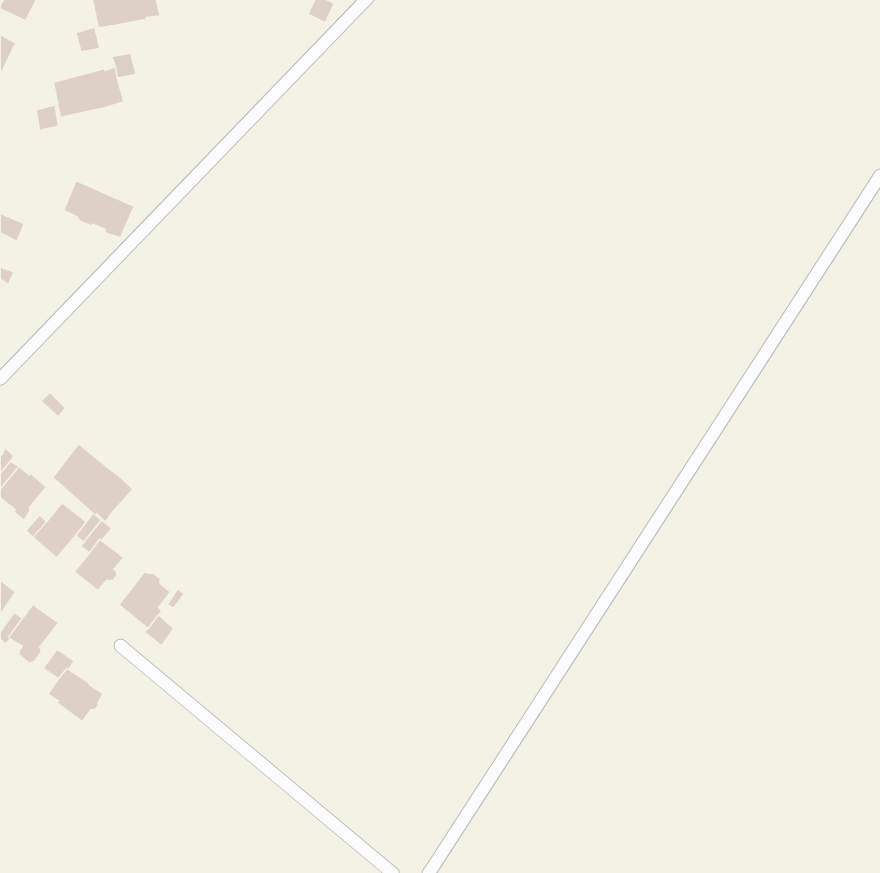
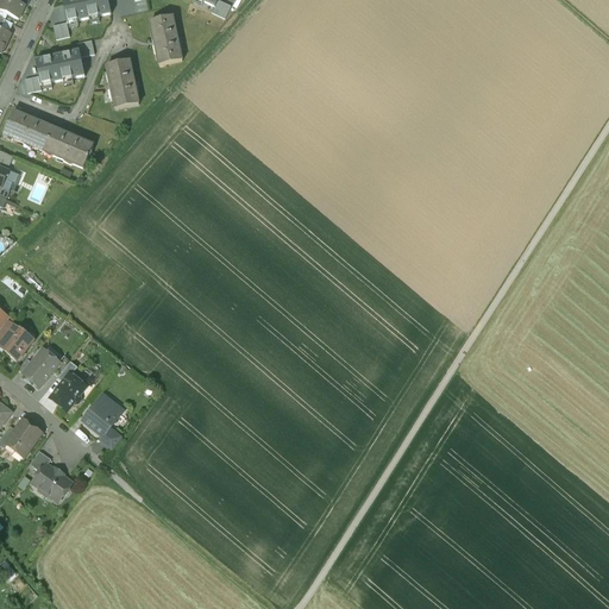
building: none -> [149,13,181,62]
building: none -> [106,57,138,106]
building: none -> [5,109,52,147]
building: [53,444,133,522] -> none

